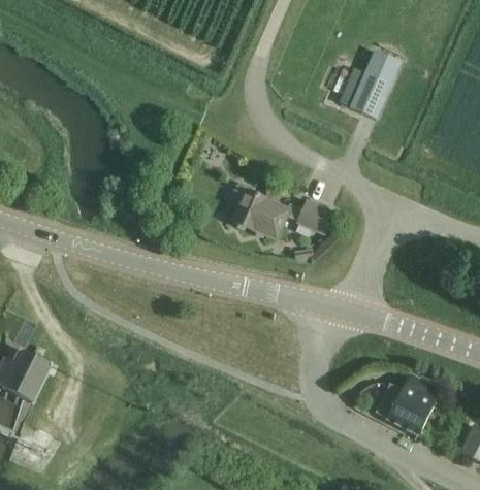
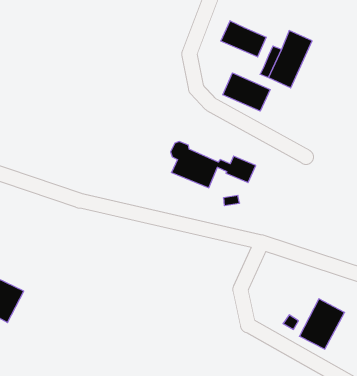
building: none -> [221,21,266,57]
building: none -> [223,73,270,111]

